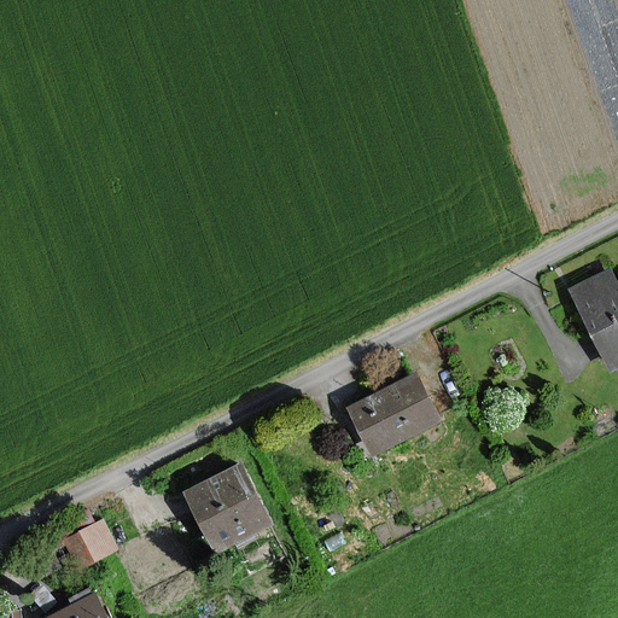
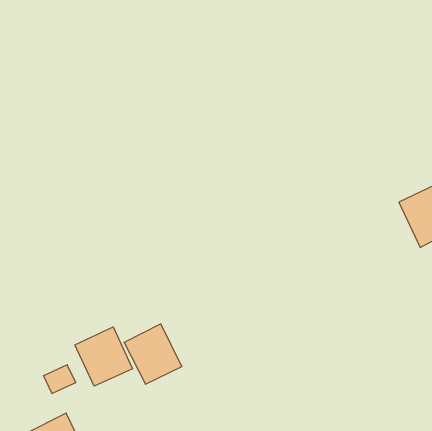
building: [346,371,445,457] -> none
building: none -> [75,327,132,386]

